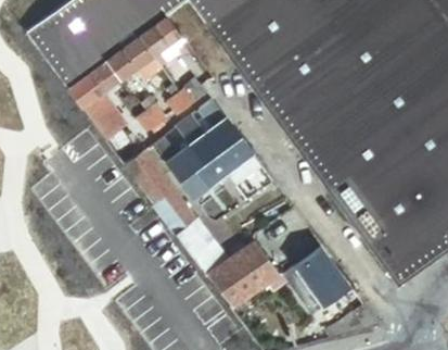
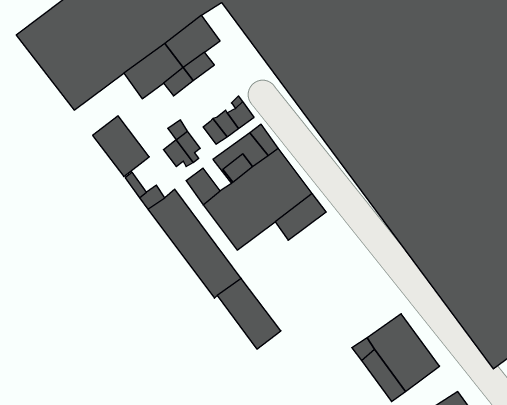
building: [74,60,126,108] -> none
building: [214,239,283,305] -> none

